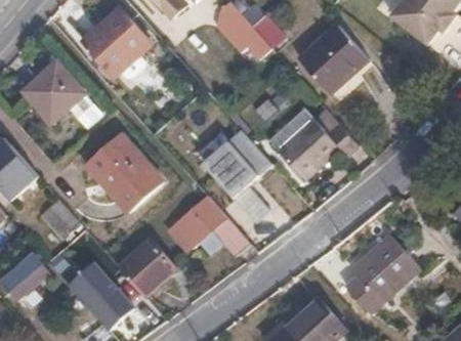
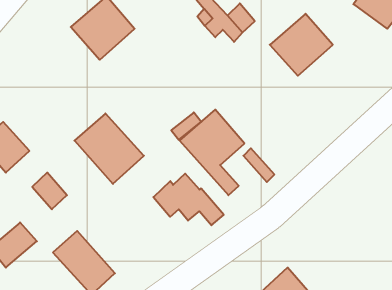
building: [23,61,84,123] -> none
building: [266,103,357,178] -> none
building: [346,232,421,313] -> none
building: [116,237,176,297] -> none

